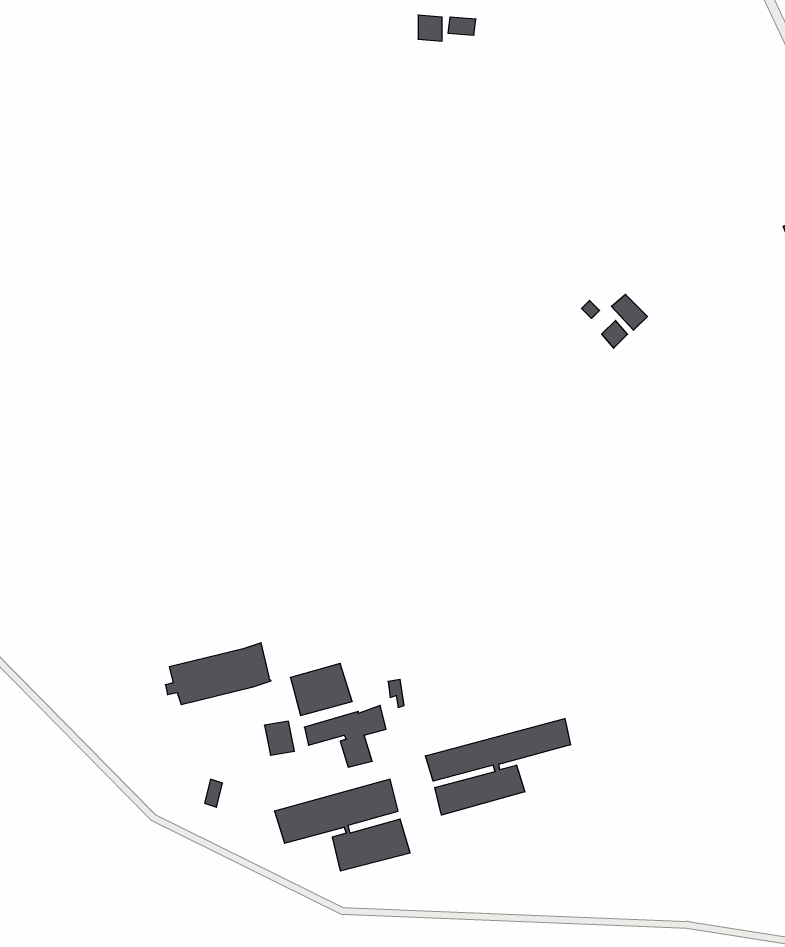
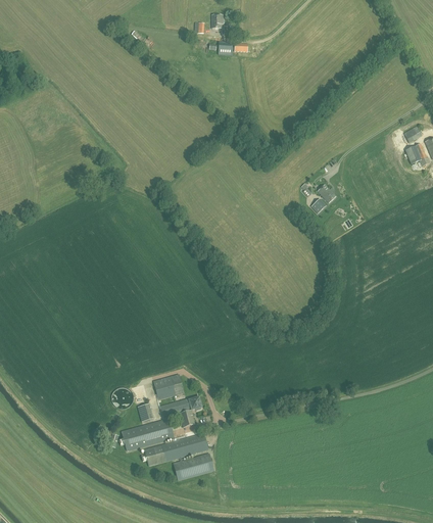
building: [165,643,271,705] -> [118,418,173,449]
building: [425,719,570,815] -> none

